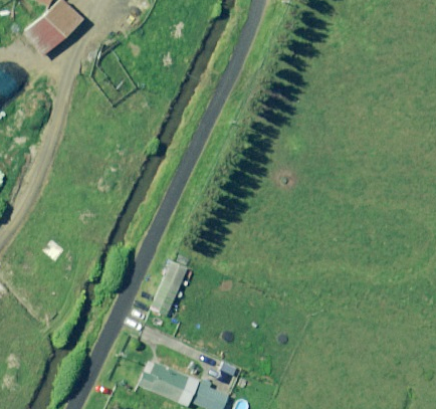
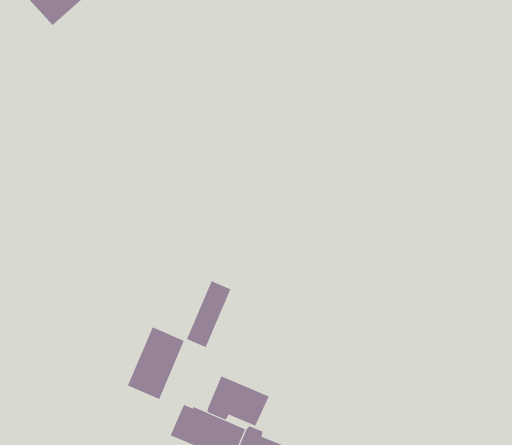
building: none -> [127,326,185,400]
building: none -> [207,376,270,427]

